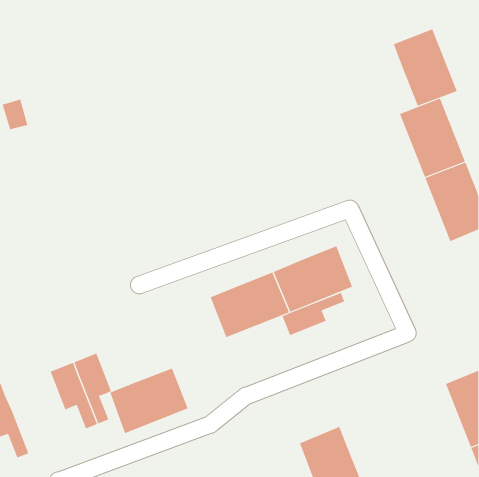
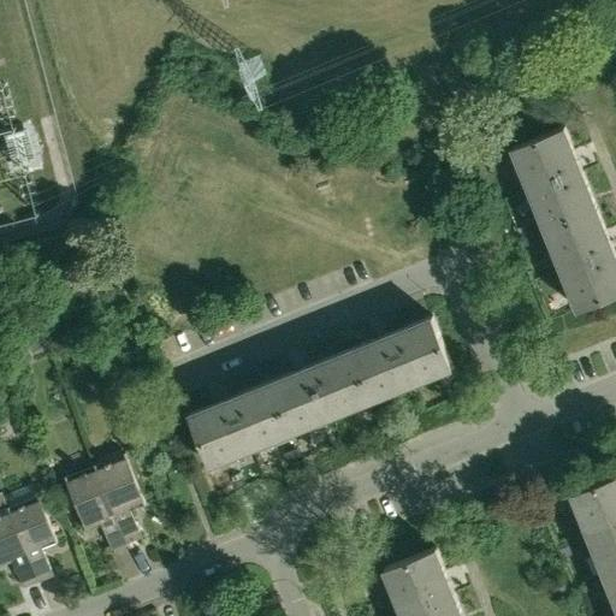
building: [393,28,457,106] -> none
building: [282,292,345,336] -> none
building: [109,368,189,434] -> [188,385,289,469]
building: none -> [7,498,54,585]

